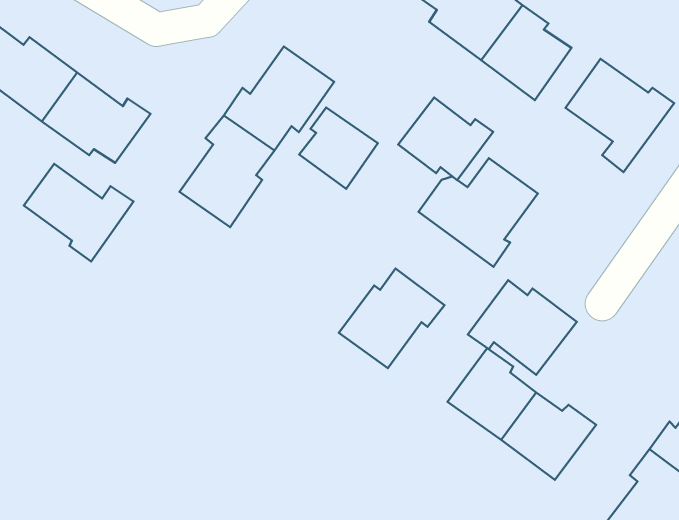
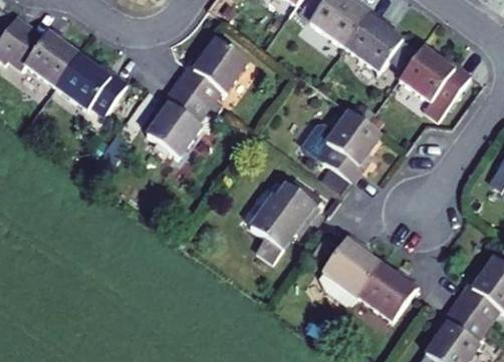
building: [398,98,493,180] -> none
building: [299,107,378,189] -> none
building: [24,164,134,261] -> none
building: [468,280,577,375] -> none

